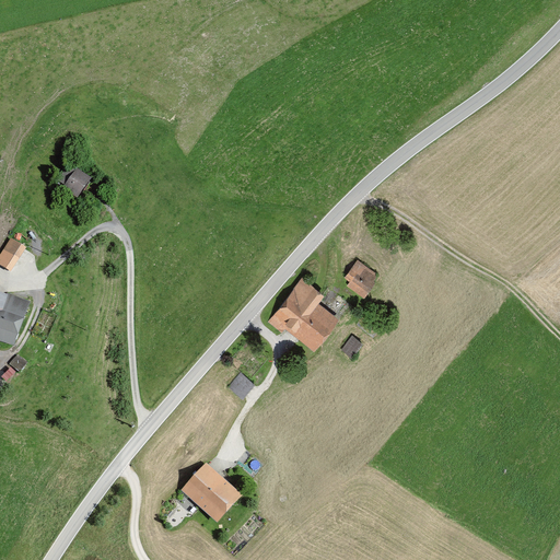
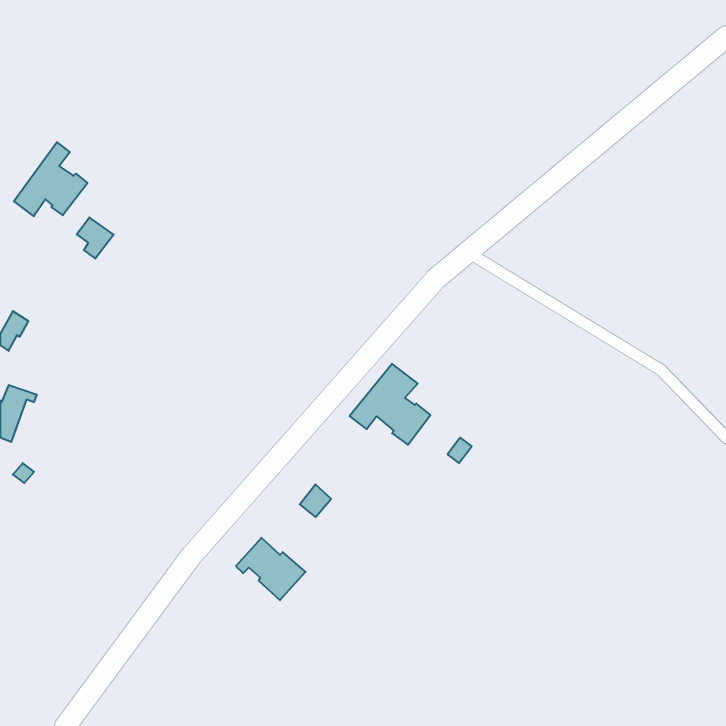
building: none -> [14,142,87,216]
building: [347,260,374,296] -> none
building: [183,469,236,517] -> [236,538,306,600]

